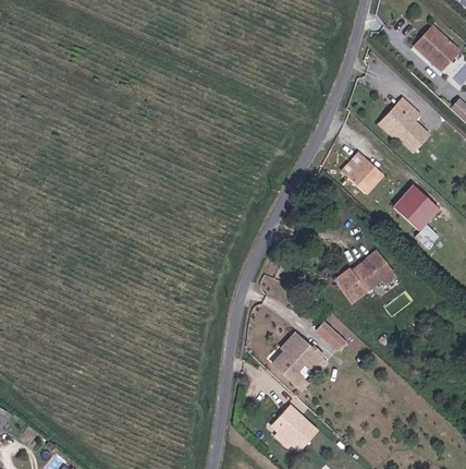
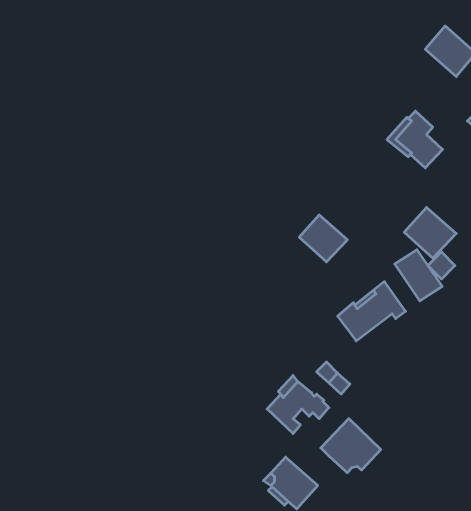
building: [342,152,384,193] -> [299,215,347,262]
building: none -> [395,250,442,301]
building: none -> [321,419,381,473]

